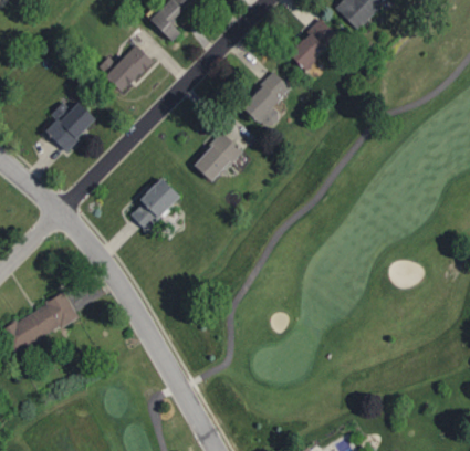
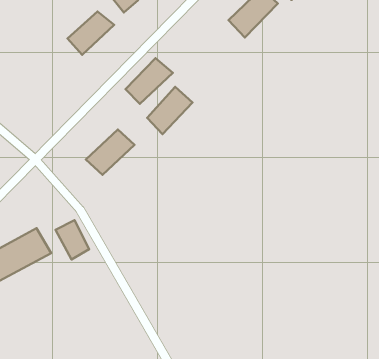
building: [239,71,293,123] -> [125,58,173,104]
building: [43,98,98,153] -> none
building: none -> [56,220,89,260]

